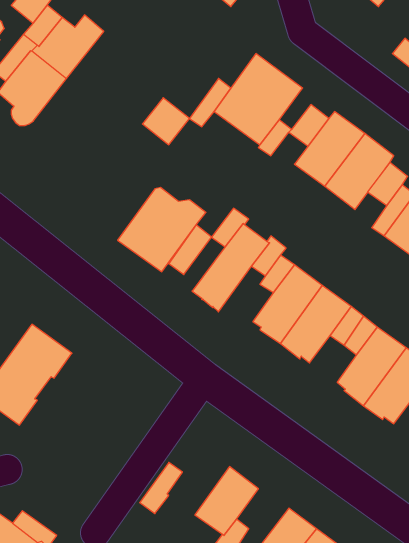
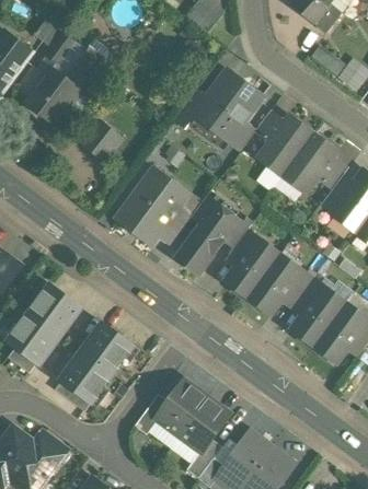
building: [142,98,189,145] -> [84,123,122,160]
building: none -> [61,323,135,403]
building: none -> [158,381,207,435]

